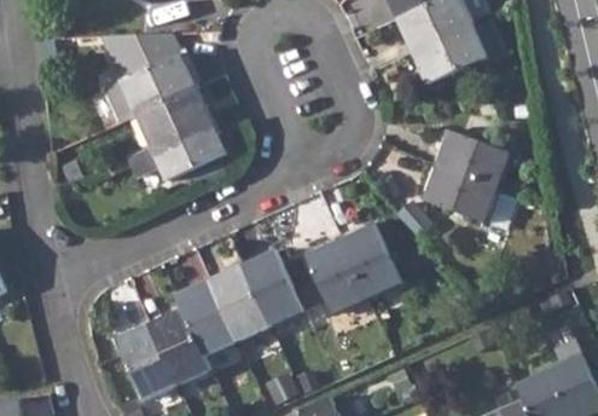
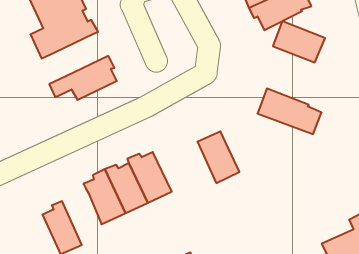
building: [137,87,213,148] -> none
building: [436,129,510,187] -> [273,21,325,62]
building: [306,239,365,312] -> none
building: [147,312,209,385] -> none

